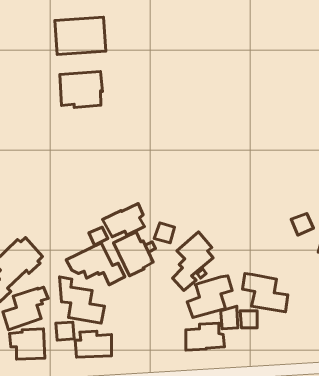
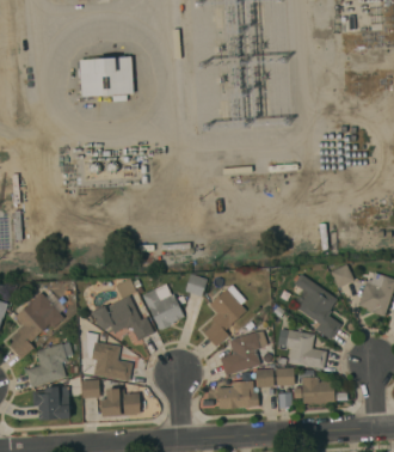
building: [60,72,102,107] -> none
building: [103,204,145,237] -> none
building: none -> [291,274,341,338]
building: none -> [301,375,334,403]

